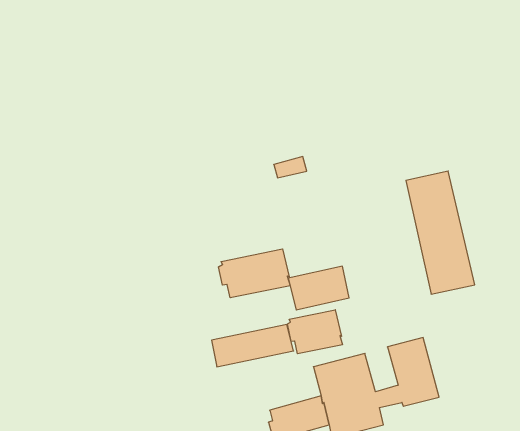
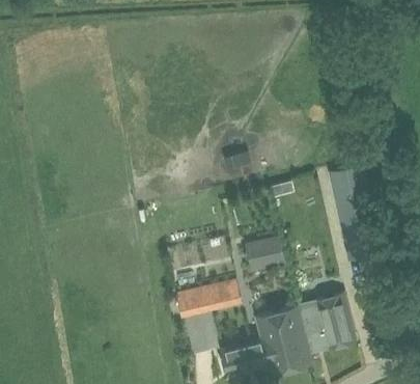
building: [219,249,290,298] -> none
building: [288,310,342,354] -> none

